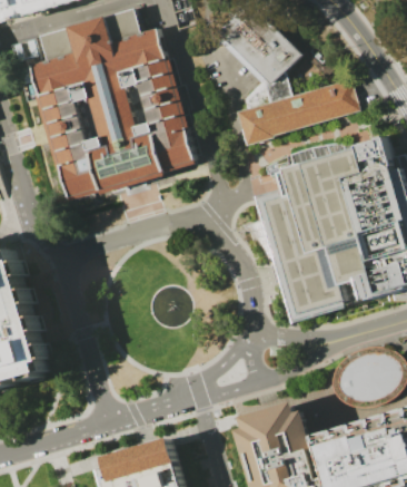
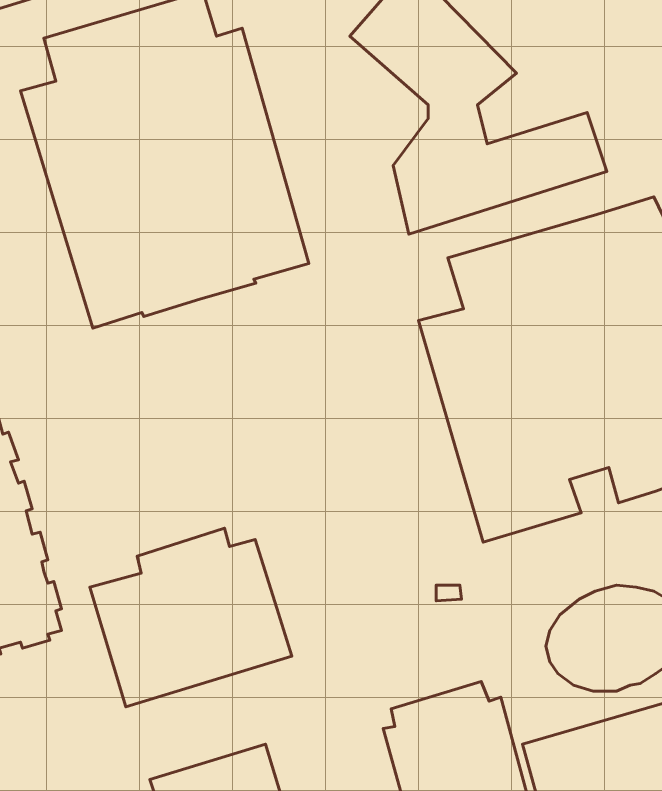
building: none -> [90,528,292,707]

